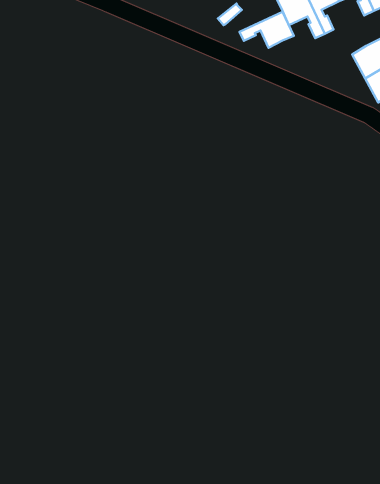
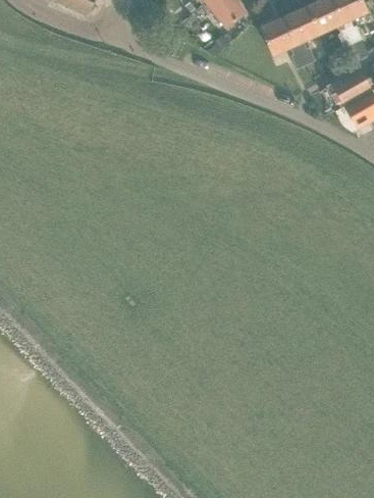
building: [240,12,294,48] -> none

